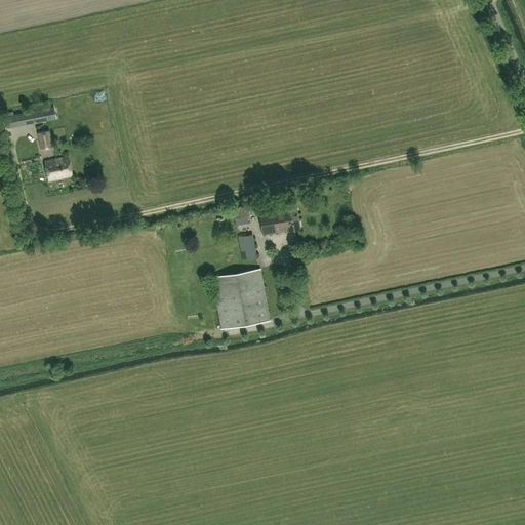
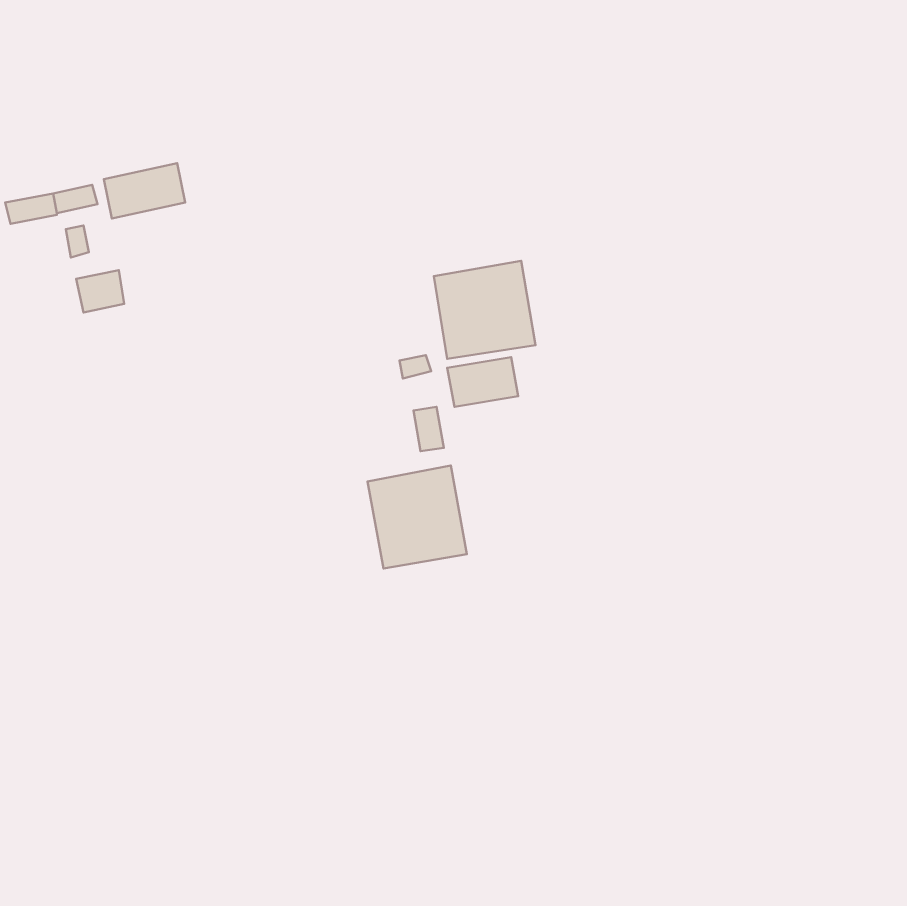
building: none -> [104,163,185,218]
building: none -> [434,261,535,359]

